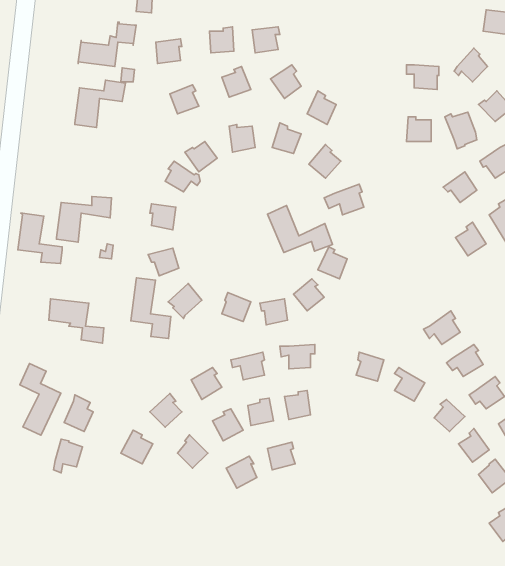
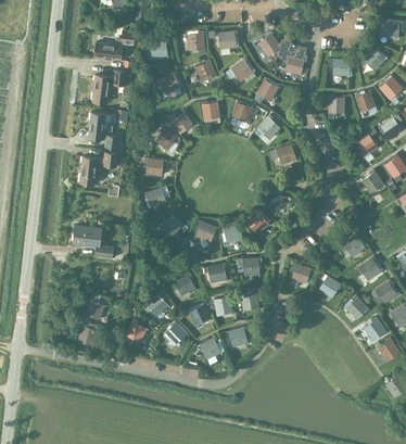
building: none -> [258,34,306,75]
building: [268,205,333,253] -> none
building: [18,213,62,264] -> [87,112,118,148]
building: [131,278,171,338] -> none
building: [20,364,61,435] -> none

